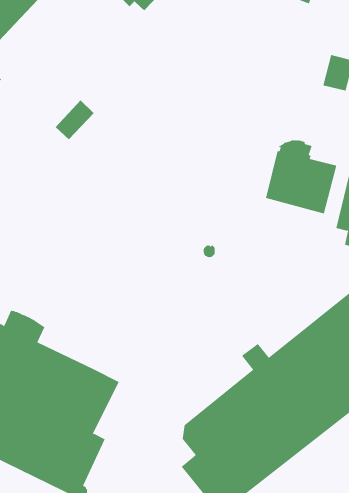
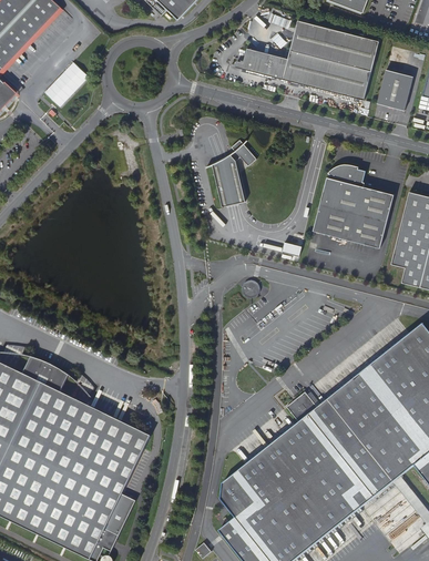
building: none -> [241,19,378,100]
building: [55,99,94,140] -> [43,61,88,106]
building: none -> [212,139,256,205]

